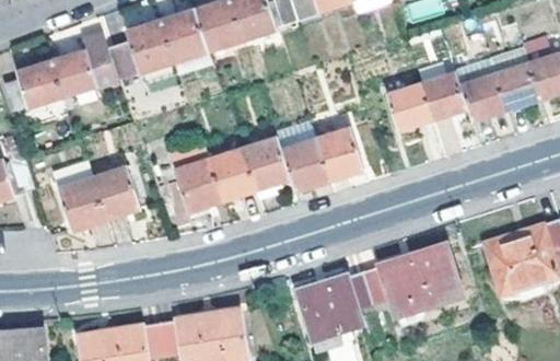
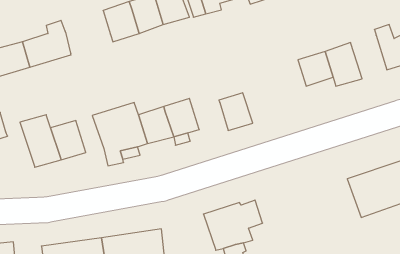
building: [113,19,176,78] -> none
building: [492,51,540,109] -> none
building: [389,84,433,129] -> none
building: [282,138,329,188] -> none
building: [365,244,462,315] -> none

